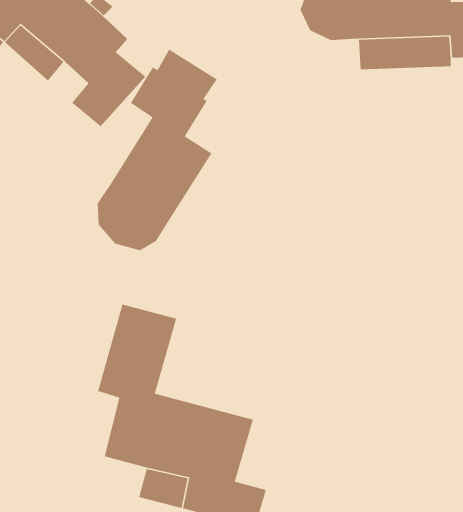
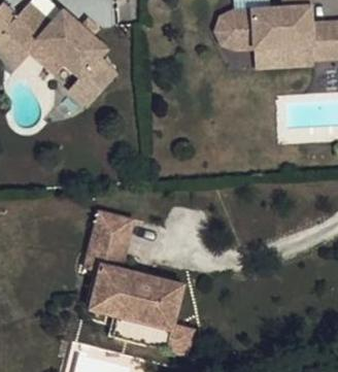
building: [97,49,218,251] -> none

